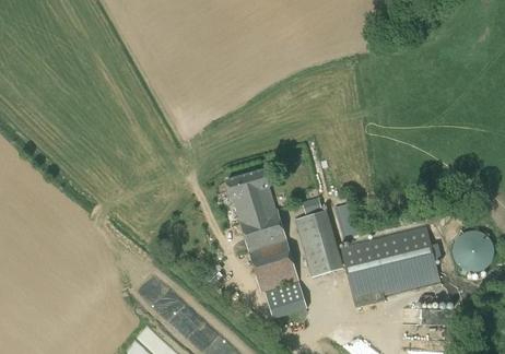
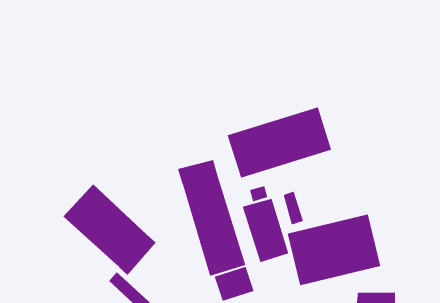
building: none -> [227,107,332,179]
building: none -> [62,184,156,276]
building: [454,229,495,271] -> none

